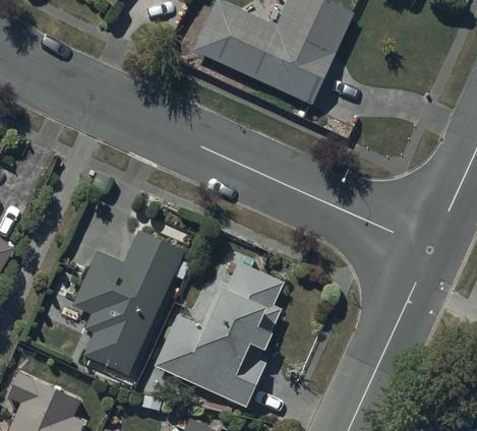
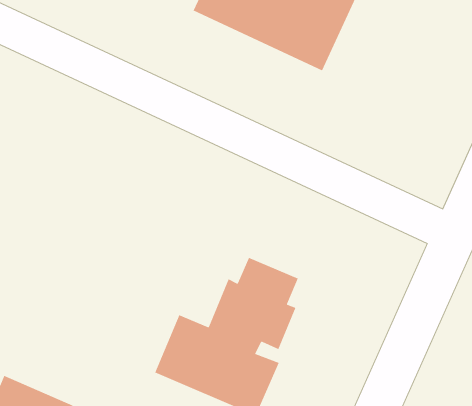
building: [72,233,190,377] -> none

